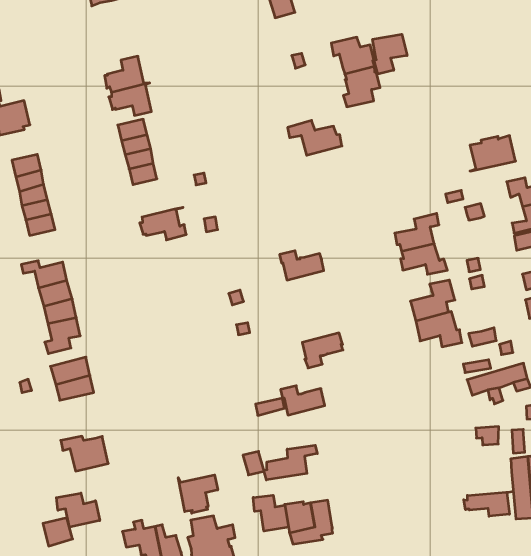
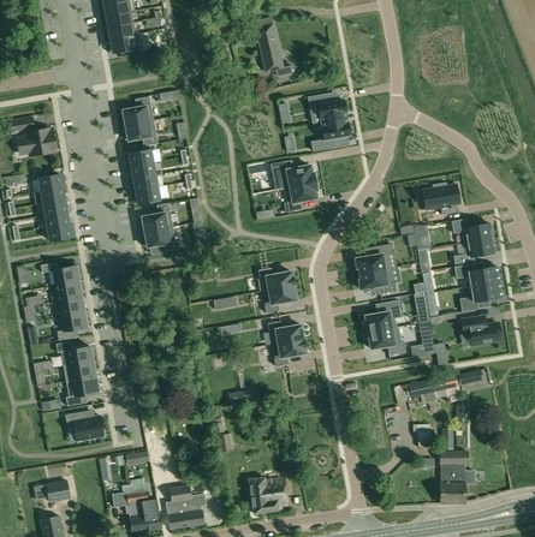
building: [373,34,407,74] -> none
building: none -> [285,183,317,213]
building: none -> [141,203,173,232]
building: none -> [263,286,297,314]
building: [281,386,325,415] -> [268,321,304,345]
building: none -> [66,376,100,406]
building: [264,445,317,480] -> none
building: [178,475,218,513] -> none
building: [464,492,513,516] -> none
building: [56,493,100,527] -> none
building: [253,495,288,531] -> none

